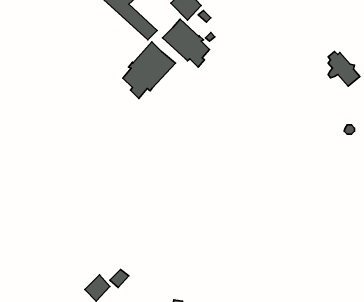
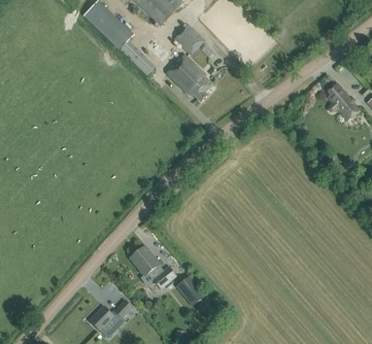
building: [123,42,175,98] -> none
building: none -> [128,246,175,289]
building: none -> [176,276,205,306]

